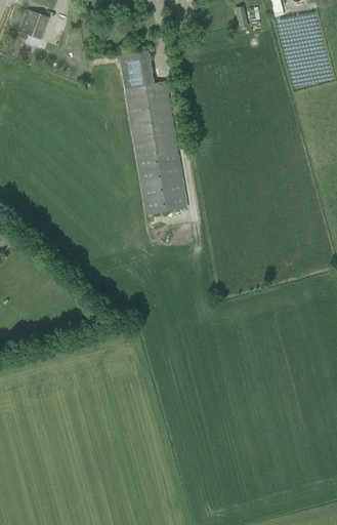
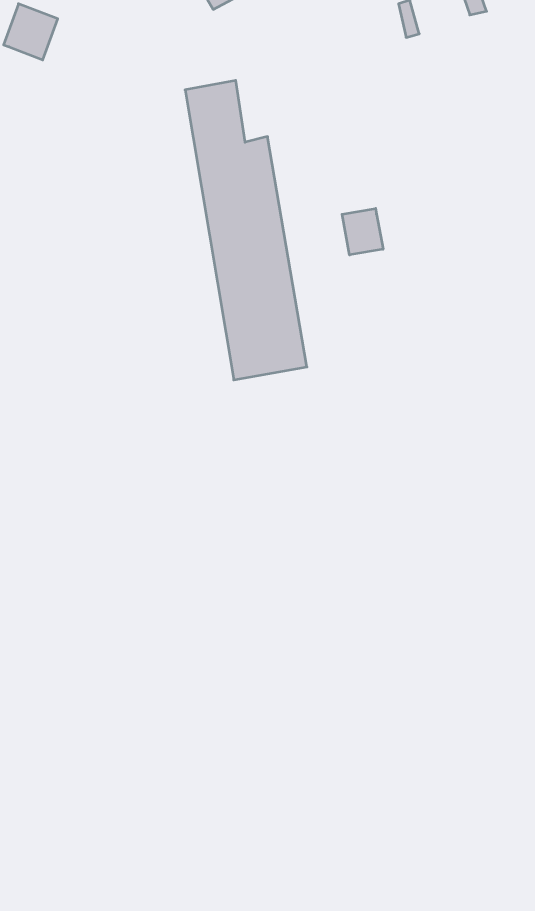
building: none -> [342,208,383,255]

